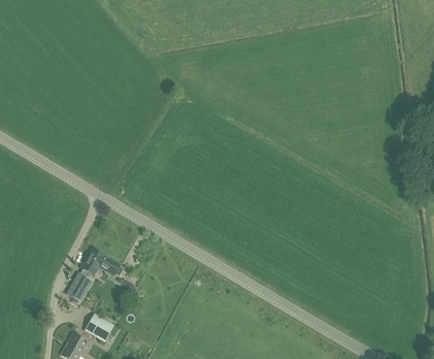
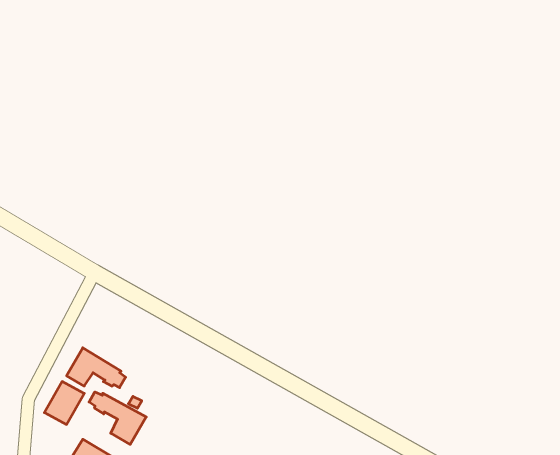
building: none -> [89,392,146,444]

